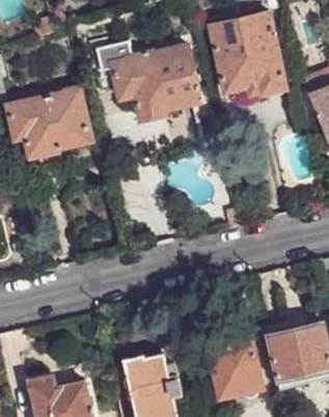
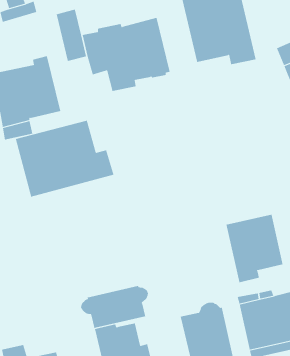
building: none -> [15,120,114,197]
building: none -> [226,214,283,283]
building: none -> [80,285,148,329]

